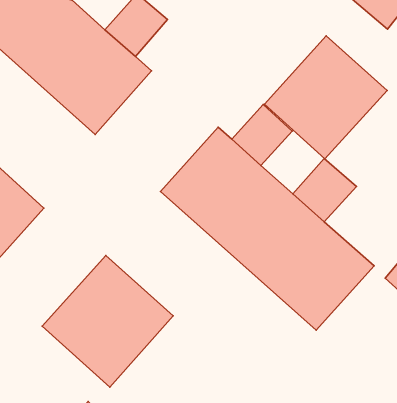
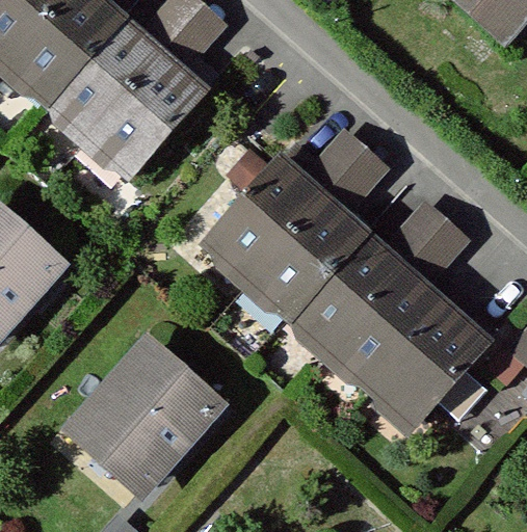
building: [265,36,387,159] -> none

